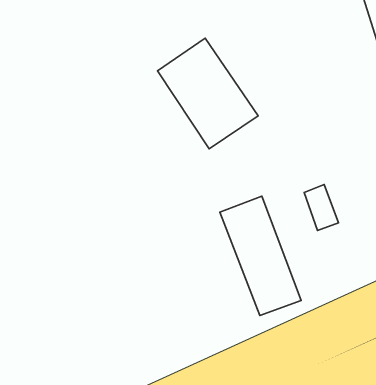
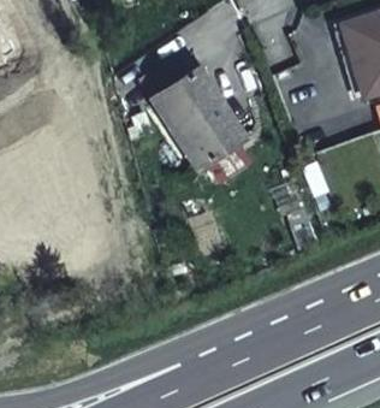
building: [220,196,301,315] -> none

